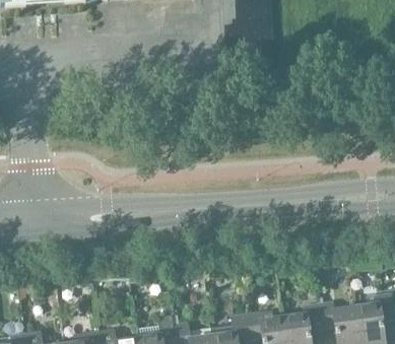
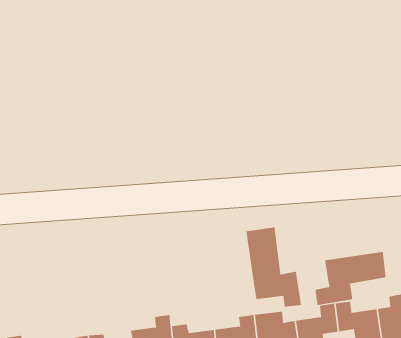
building: none -> [246,227,302,308]
building: none -> [315,251,386,306]

